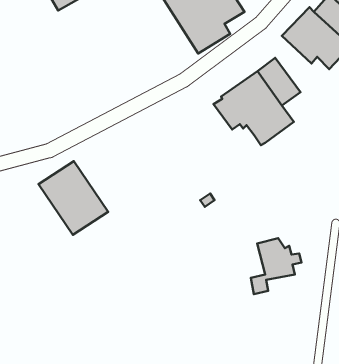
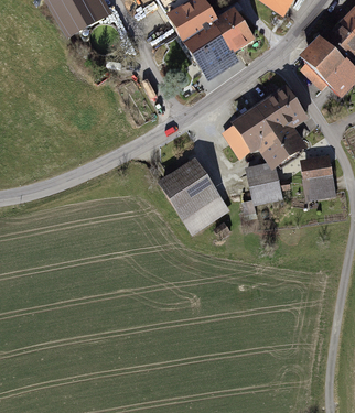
building: none -> [300,156,334,199]
building: [39,161,108,235] -> [159,160,228,233]
building: [251,238,301,294] -> [238,163,289,219]

